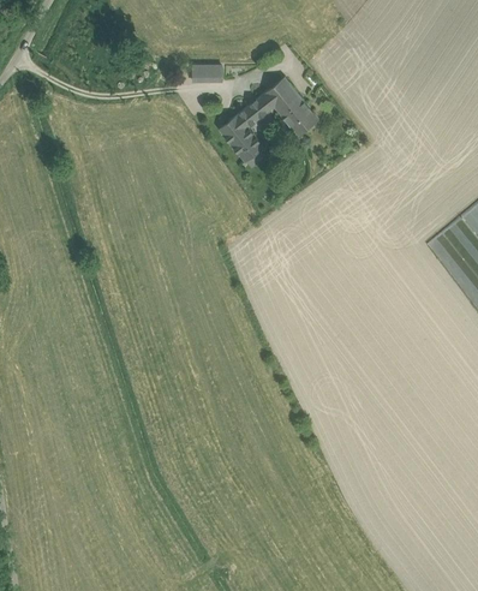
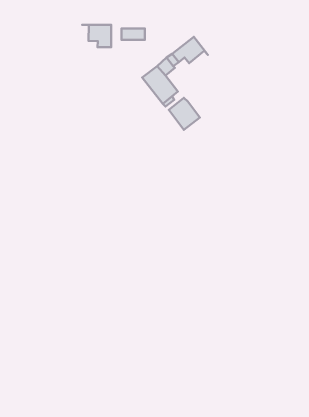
building: none -> [82,25,111,47]
building: [279,95,318,136] -> [169,98,200,130]

